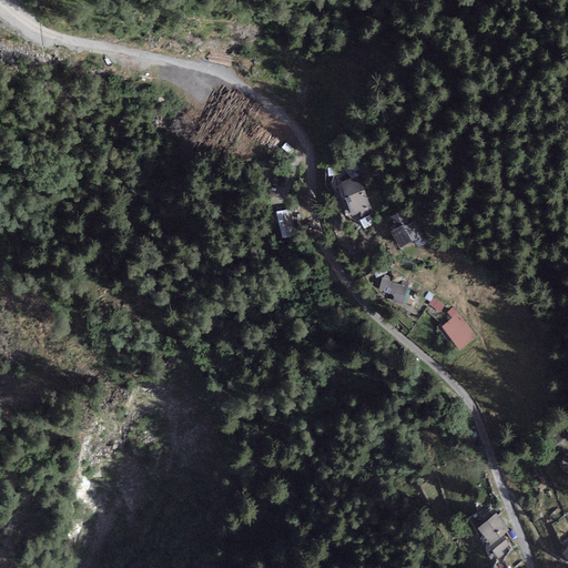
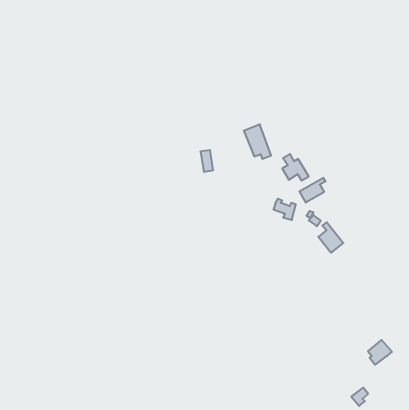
building: none -> [299,178,325,203]
building: [476,514,509,548] -> [368,340,392,365]

